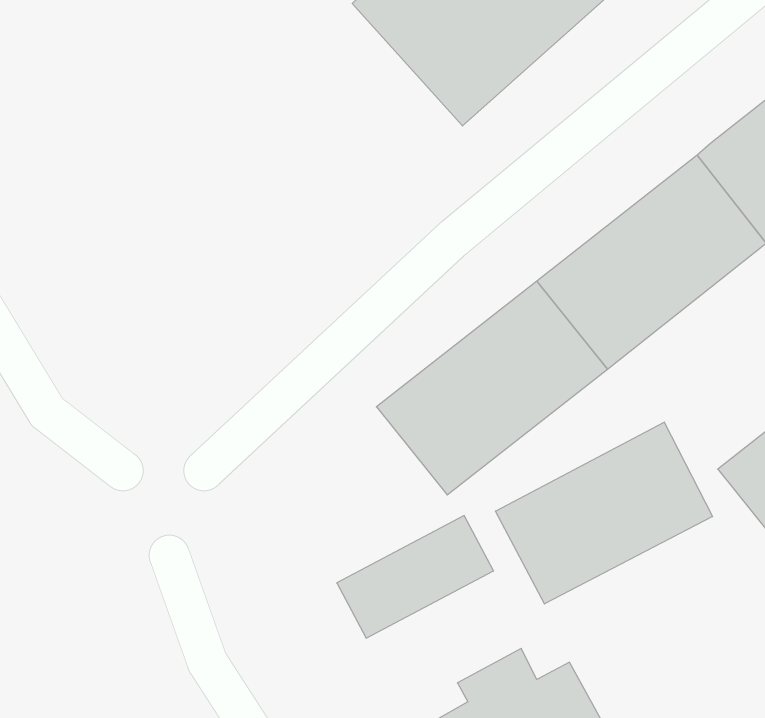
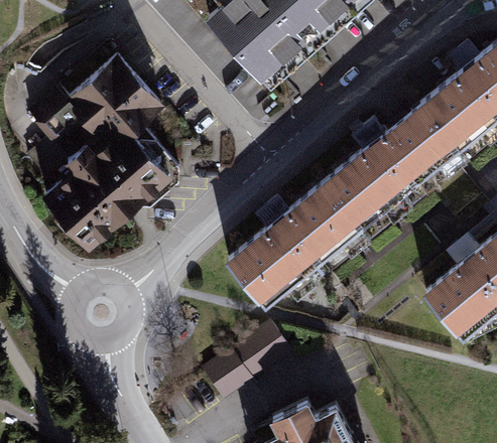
building: none -> [33,57,171,252]
building: [495,422,713,604] -> none

